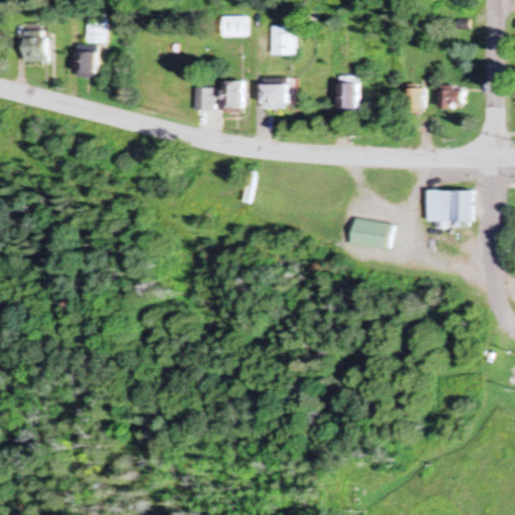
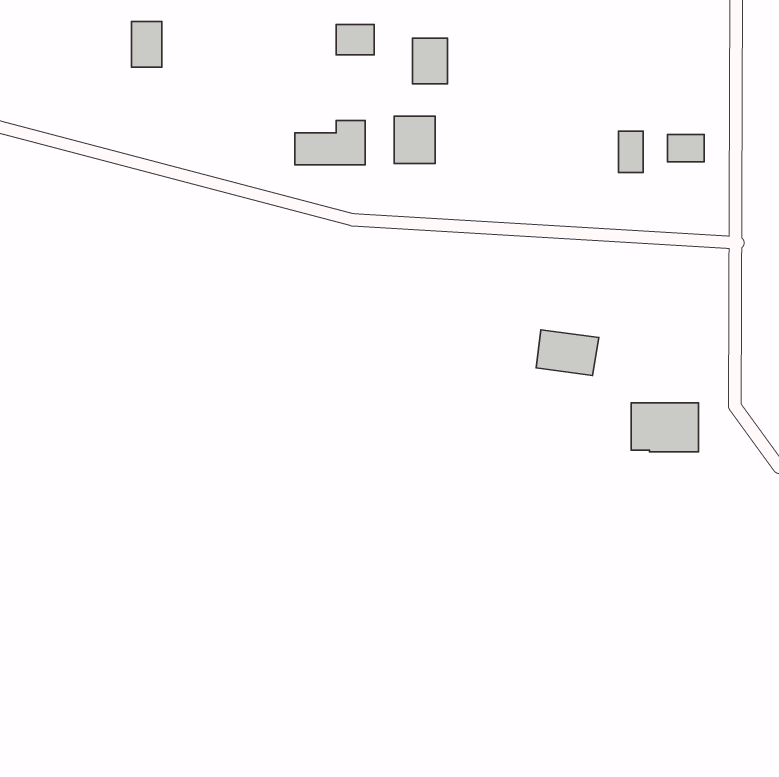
building: [22,31,45,62] -> none
building: [74,49,95,77] -> none
building: [337,75,356,111] -> none
building: [427,190,472,222] -> [631,403,698,452]

